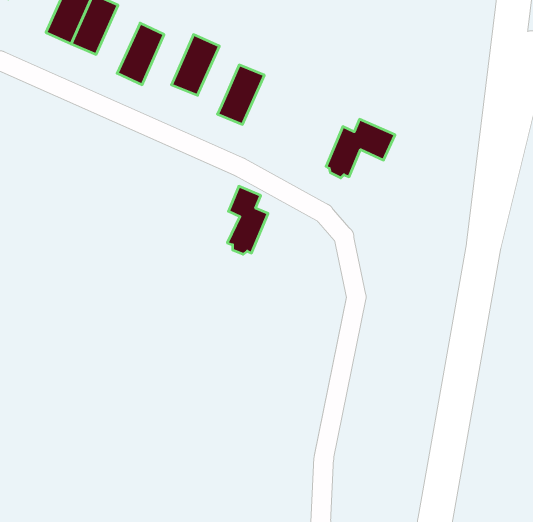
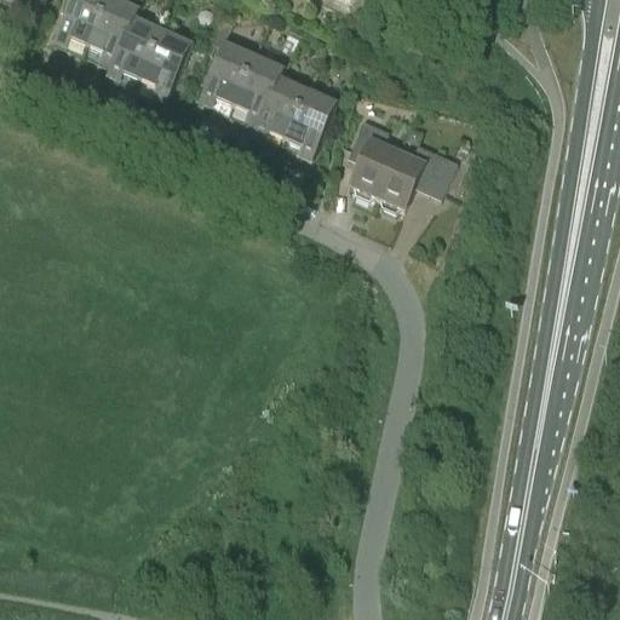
building: none -> [109,15,163,85]
building: none -> [230,53,283,122]
building: none -> [282,87,337,157]
building: [227,186,268,254] -> [351,115,398,194]

